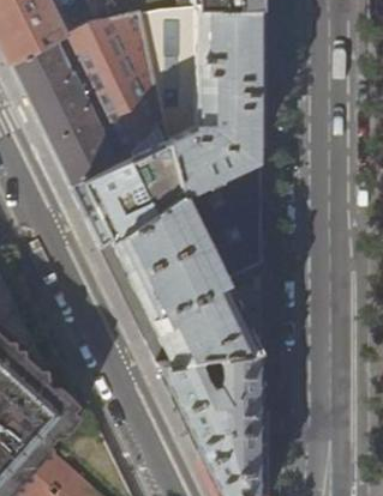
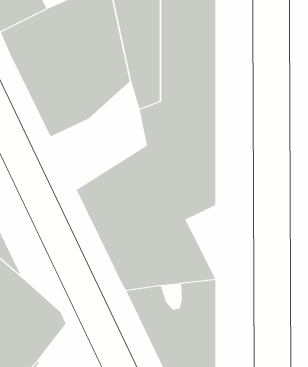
building: [70,123,181,249] -> none

